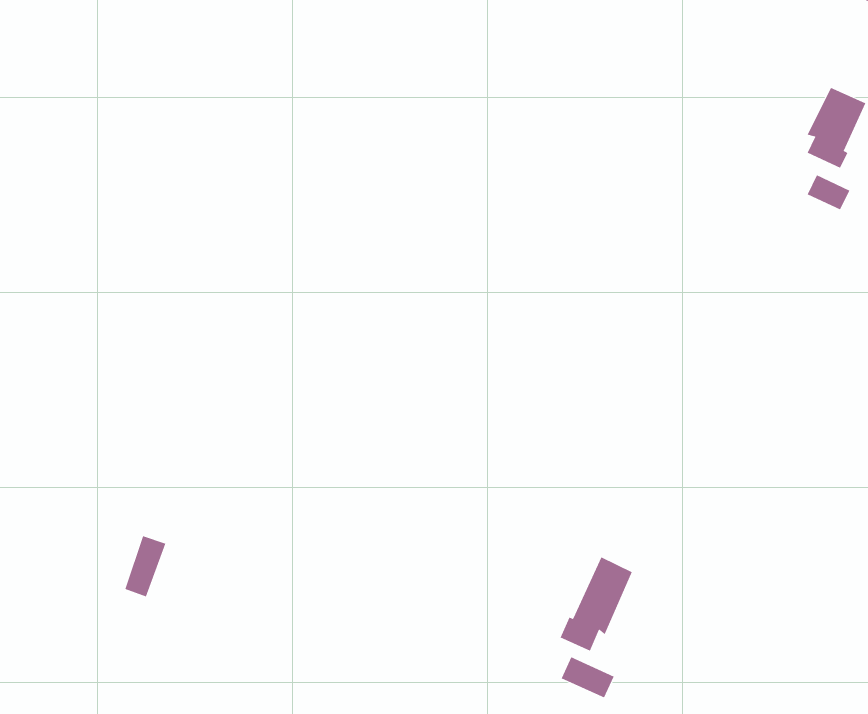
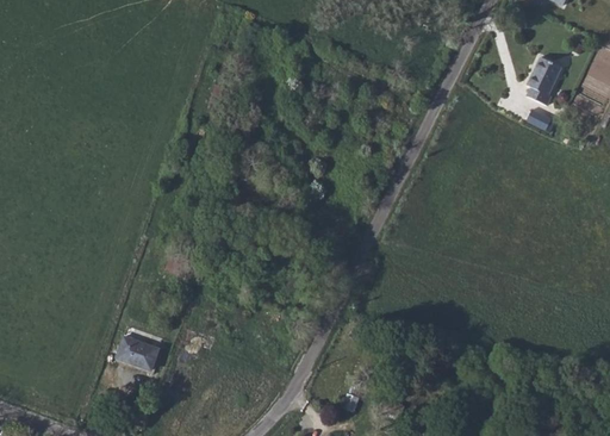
building: none -> [130,331,162,370]
building: [560,557,632,651] -> none

